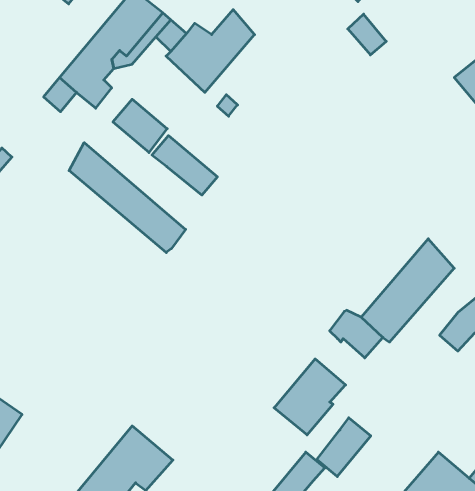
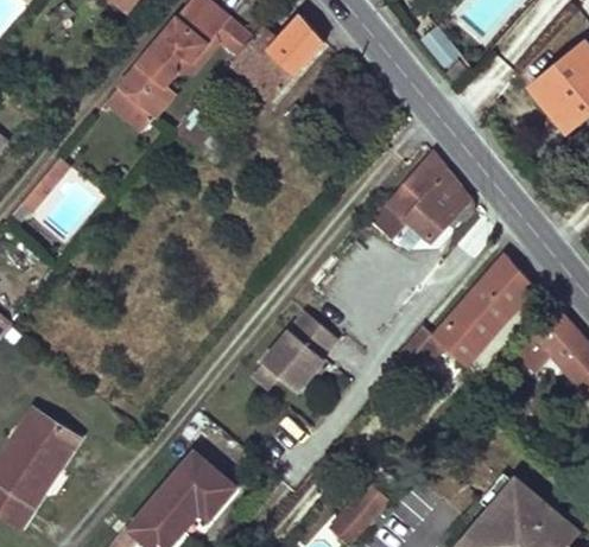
building: [152,136,217,195] -> none
building: none -> [368,151,471,241]
building: [69,143,186,253] -> none
building: [274,359,346,435] -> [264,312,338,392]
building: [317,418,371,477] -> none

